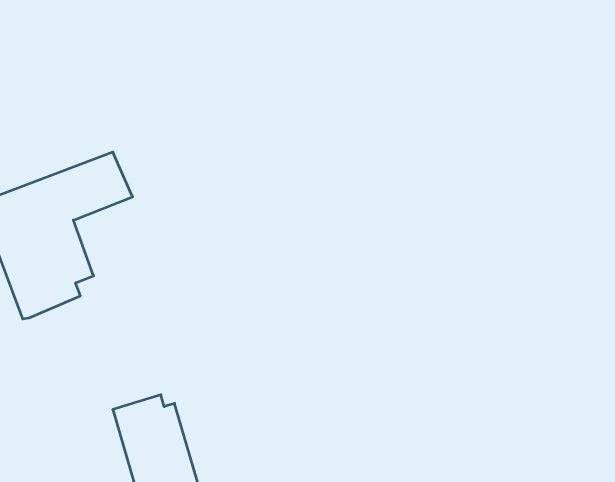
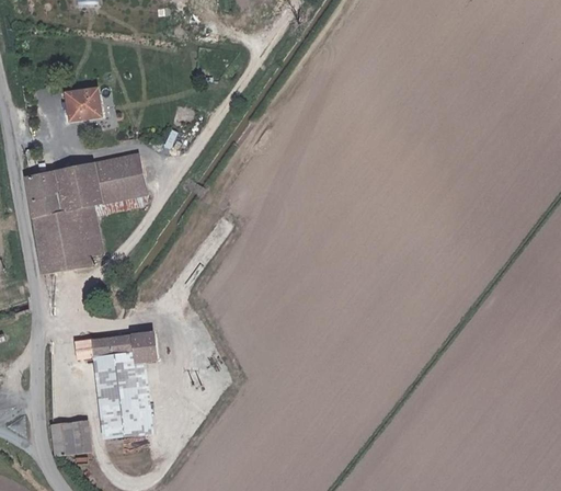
building: none -> [60,89,95,122]
building: none -> [80,333,161,364]

